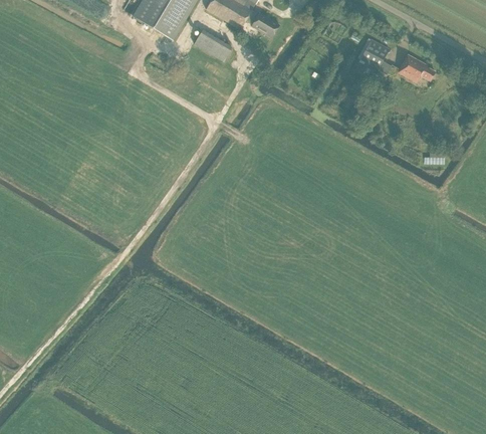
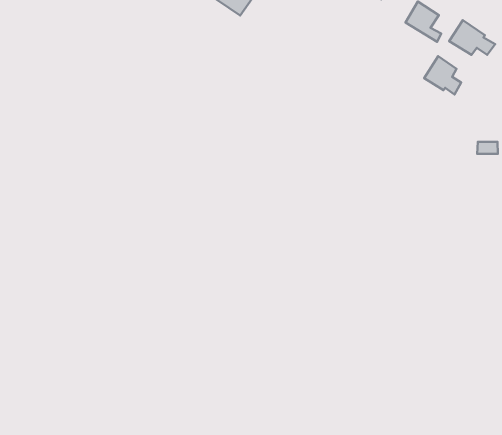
building: none -> [424,56,461,95]

